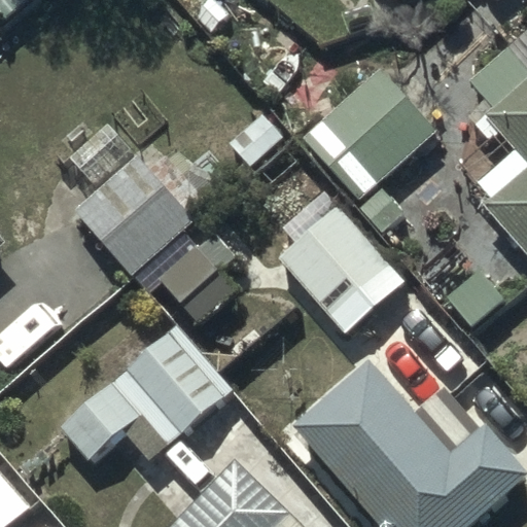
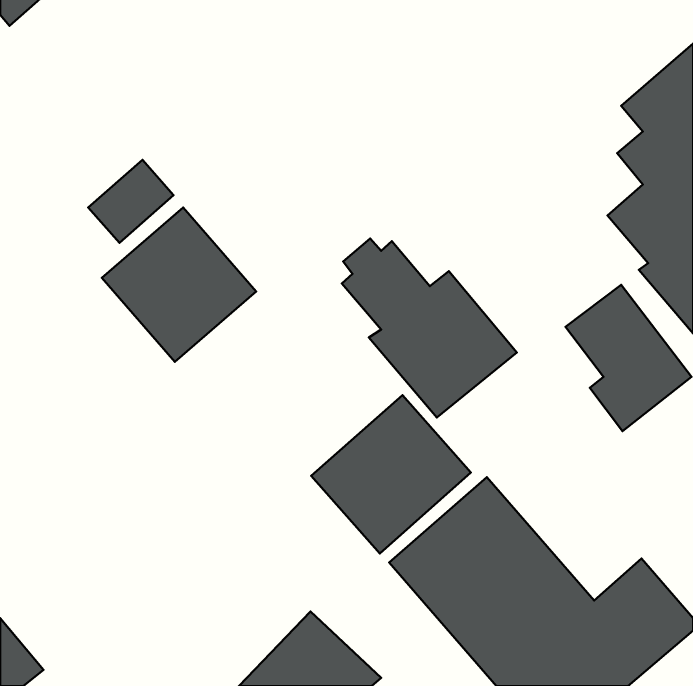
building: [304,71,434,234] -> none
building: none -> [311,395,471,553]
building: [62,325,234,460] -> none

